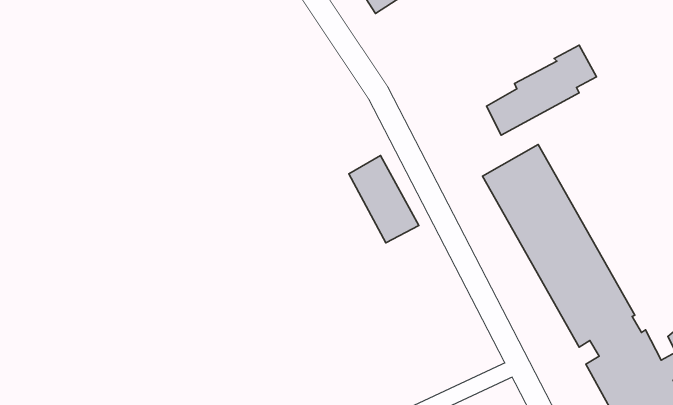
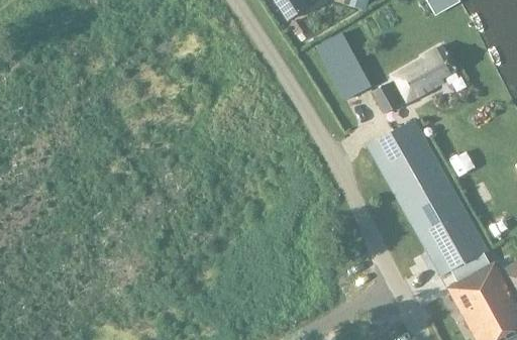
building: [349,155,419,243] -> [318,33,372,100]

